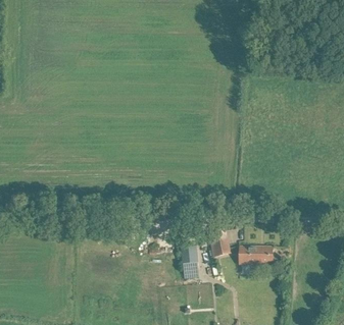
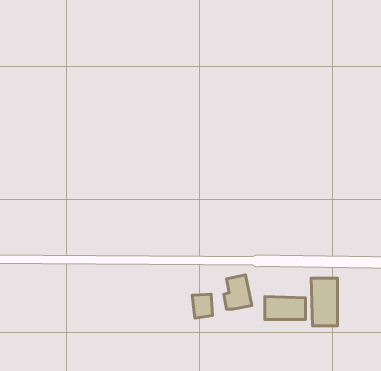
building: none -> [311,278,338,326]

